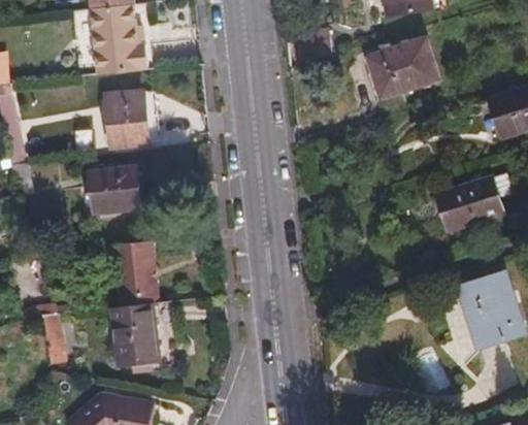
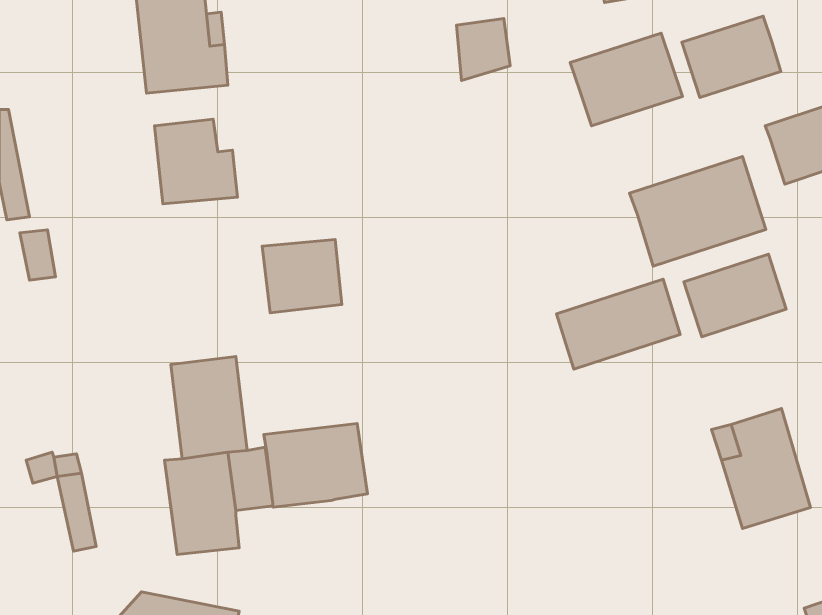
building: none -> [682,16,781,97]
building: none -> [630,156,766,266]
building: [88,167,138,214] -> [262,240,342,313]
building: none -> [556,279,680,369]
building: none -> [264,423,368,507]

